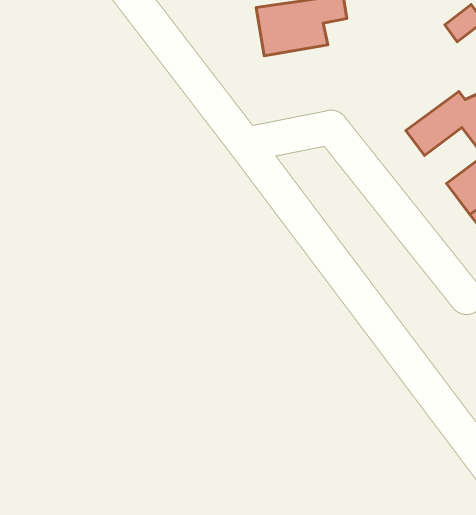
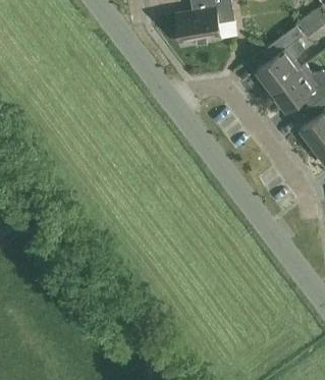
building: none -> [255,26,307,95]

